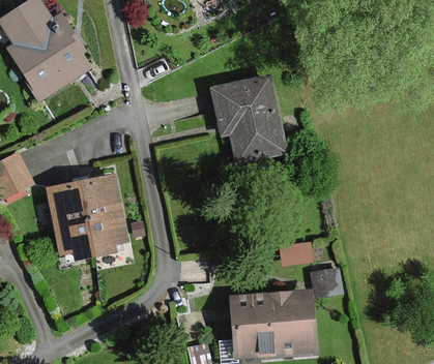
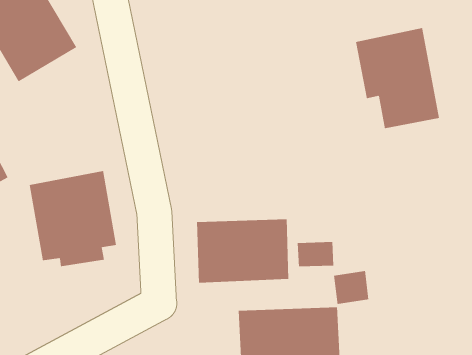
building: [211,75,284,162] -> [355,27,440,129]
building: none -> [197,218,289,284]

